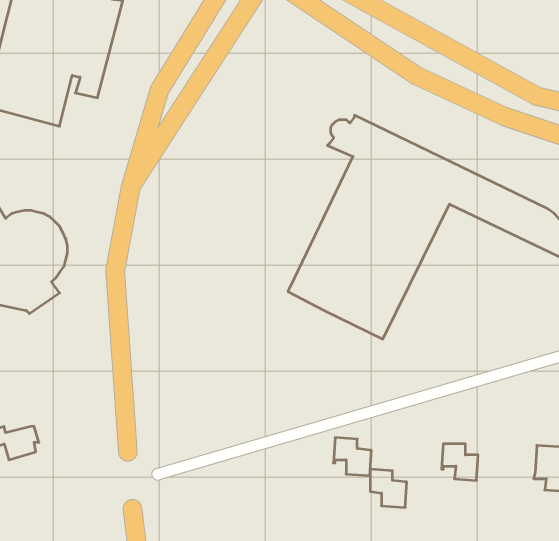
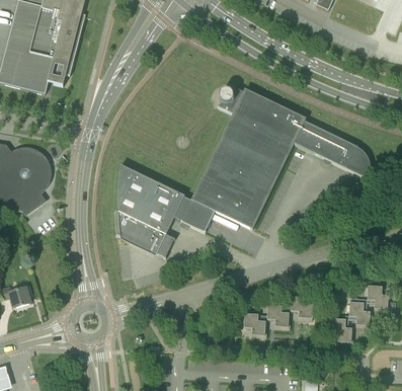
building: none -> [114,164,214,257]
building: [333,438,371,476] -> [265,304,290,328]
building: none -> [330,314,352,341]

